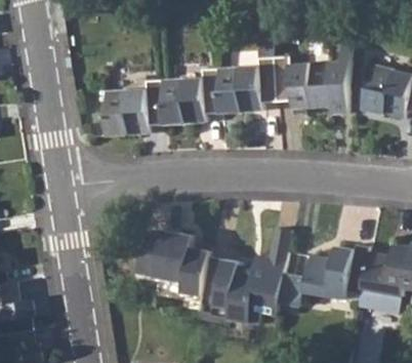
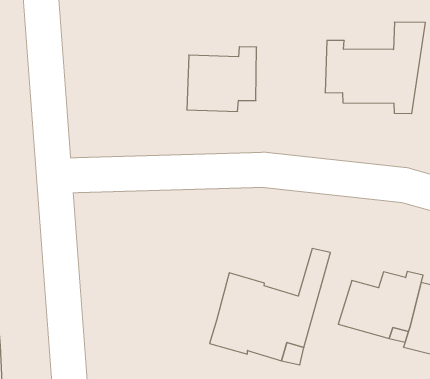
building: [223,46,283,113] -> none
building: [112,80,170,136] -> none
building: [142,229,217,296] -> none

